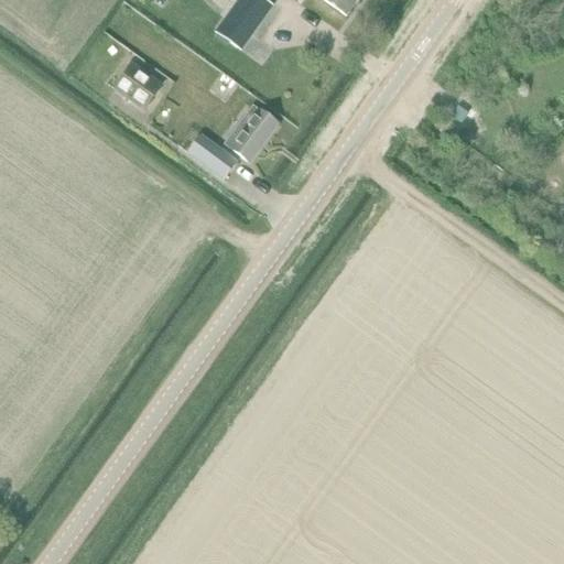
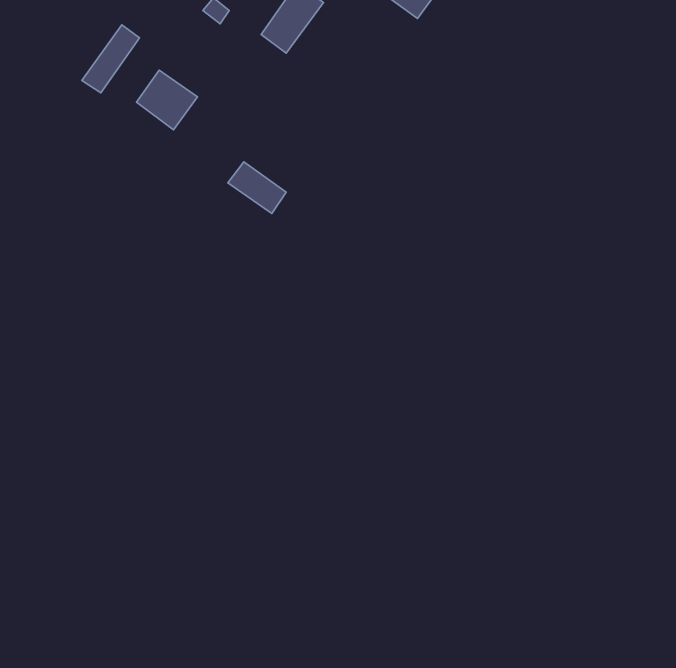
building: none -> [82,25,139,93]
building: [234,104,280,160] -> none

